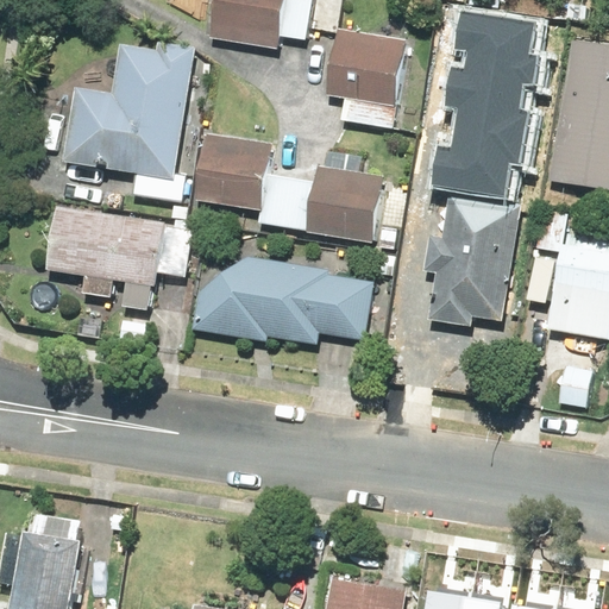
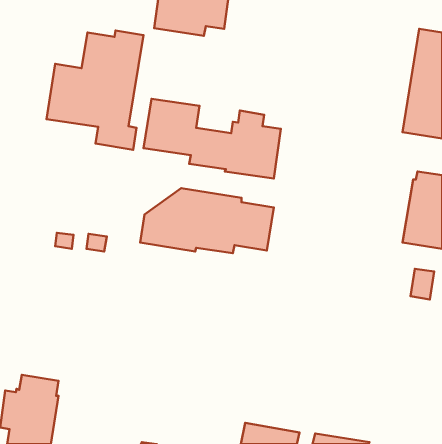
building: [434,11,542,190] -> none
building: [326,29,404,127] -> none
building: [423,193,521,327] -> none
building: [46,206,190,310] -> none

